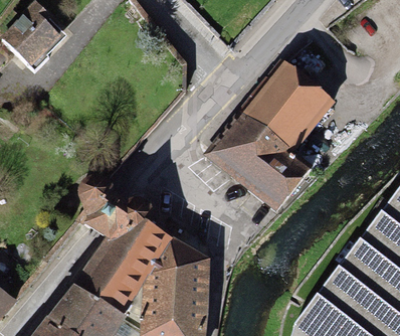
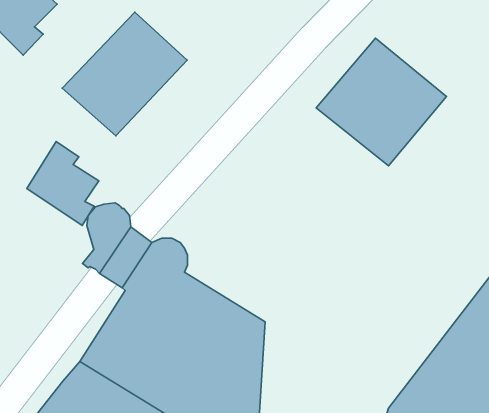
building: none -> [62,12,187,136]
building: [206,110,313,211] -> none
building: none -> [27,142,99,225]

